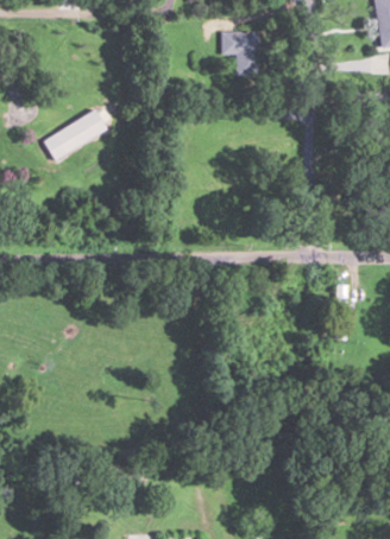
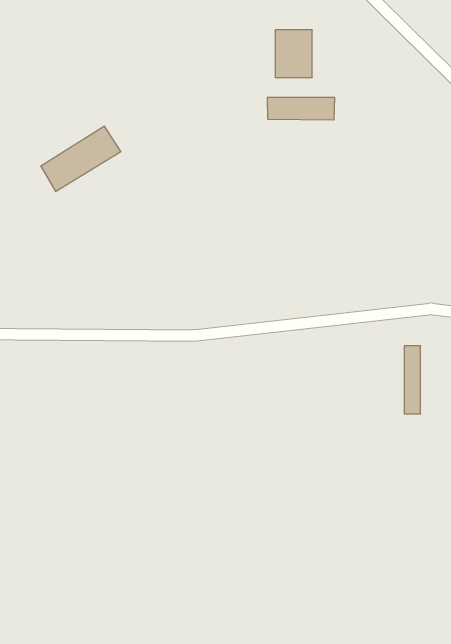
building: none -> [267,97,334,120]

